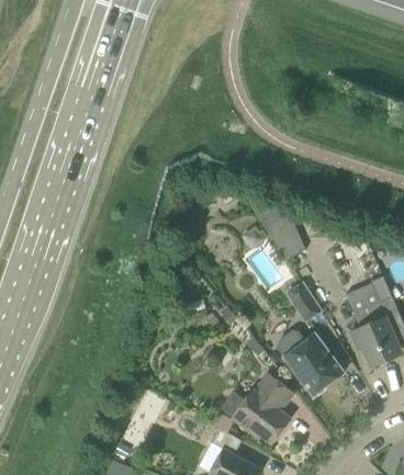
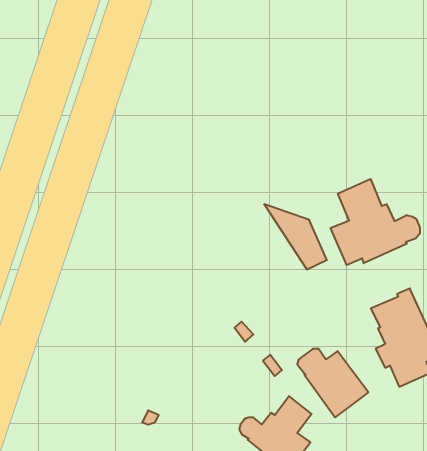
building: none -> [331,179,420,265]
building: [287,282,321,320] -> none

